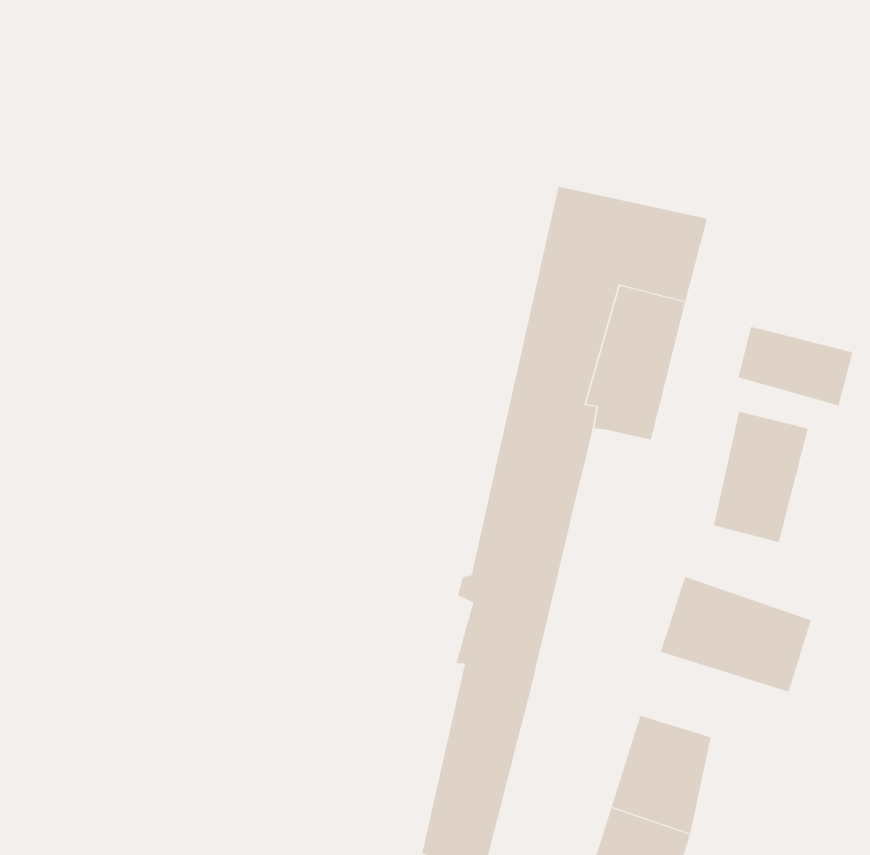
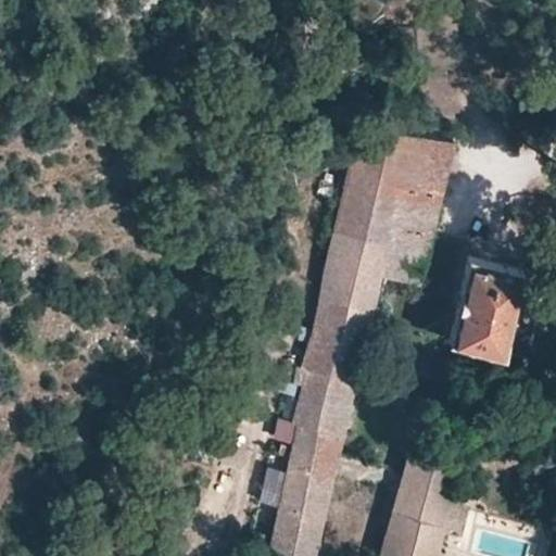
building: [738,326,853,406] -> none
building: [660,576,811,693] -> none

